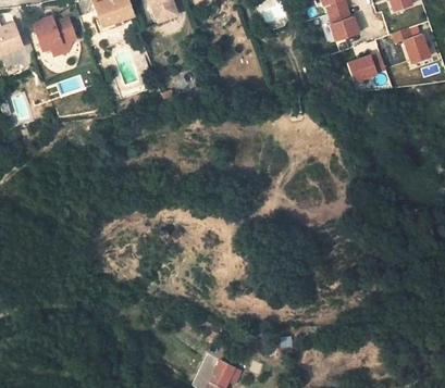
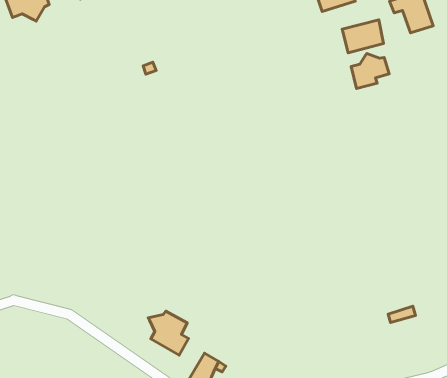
building: none -> [351,53,389,89]
building: none -> [148,311,189,355]

